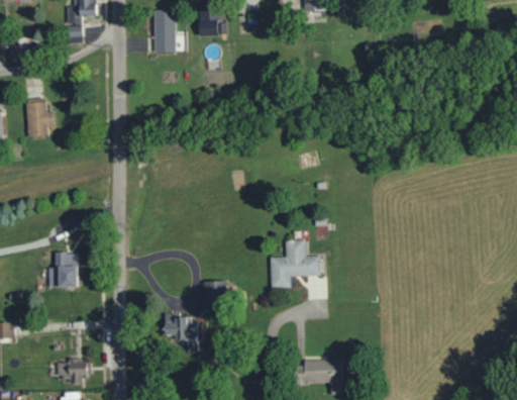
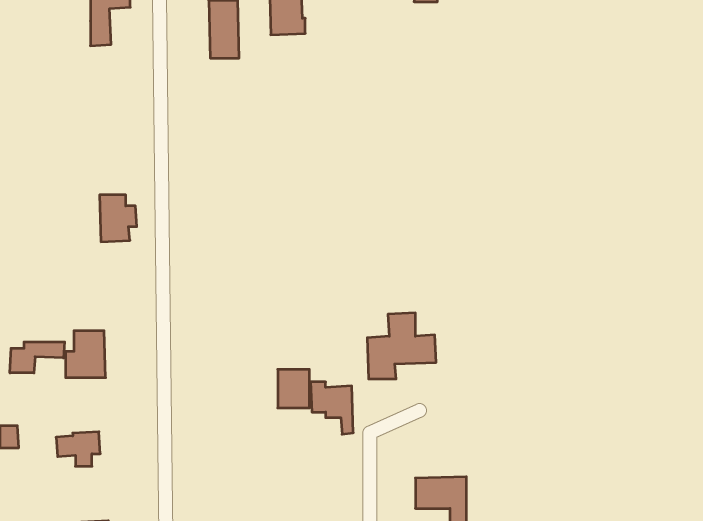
building: [26,103,54,137] -> [100,195,137,242]
building: none -> [10,342,65,373]
building: [165,313,196,352] -> [310,382,353,434]
building: [56,360,88,385] -> [56,432,100,466]

